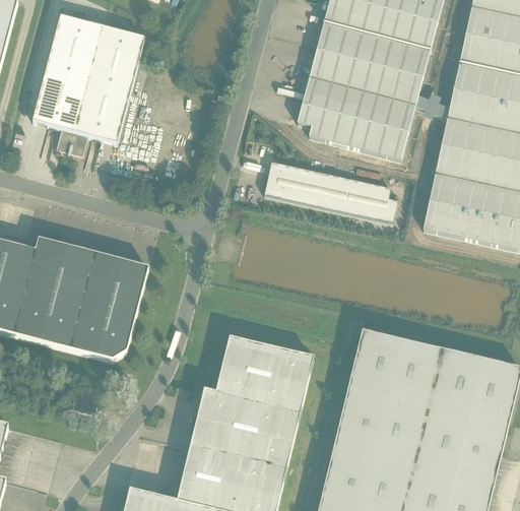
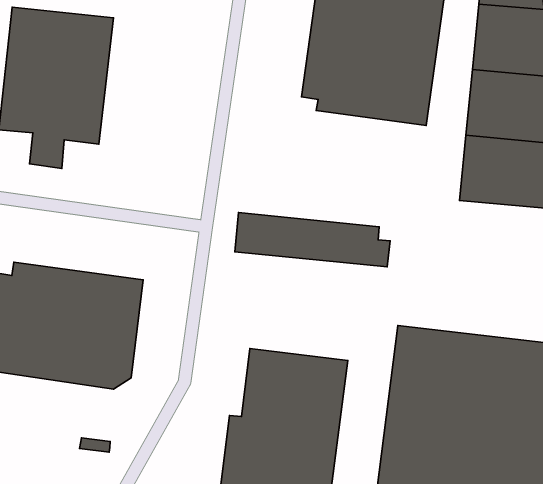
building: [261,158,396,220] -> [235,213,390,267]

